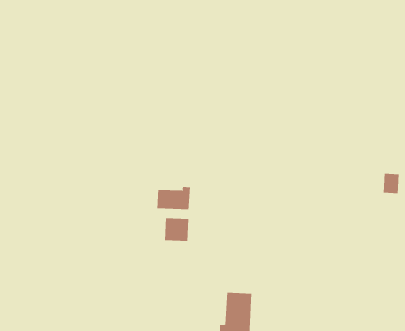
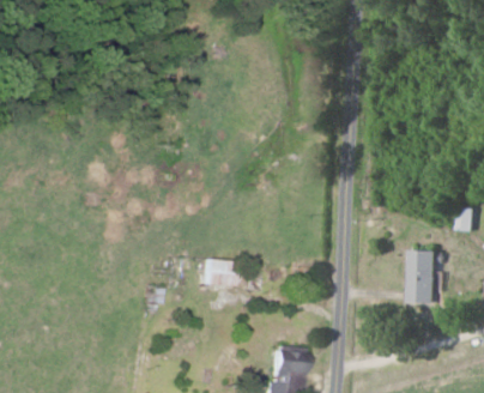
building: [157,186,190,210] -> none
building: none -> [410,250,437,303]

